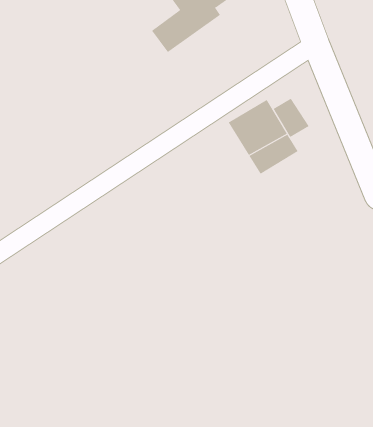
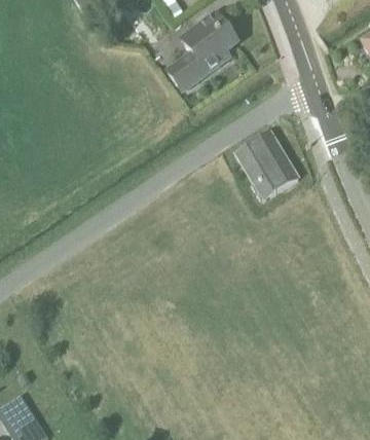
building: [273,98,310,138] -> none

